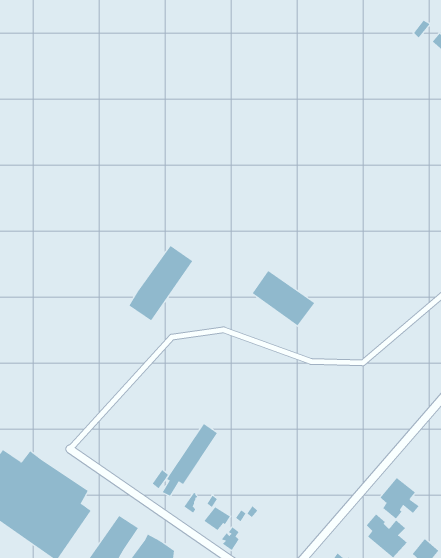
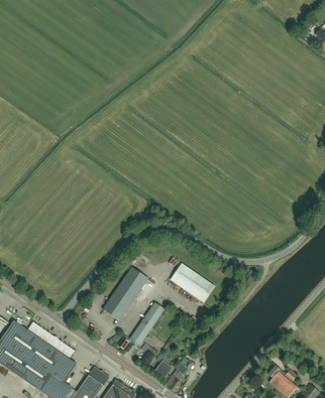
building: [128,245,193,321] -> [103,267,148,320]
building: [252,270,315,326] -> [171,263,215,302]
building: [380,477,420,519] -> none

